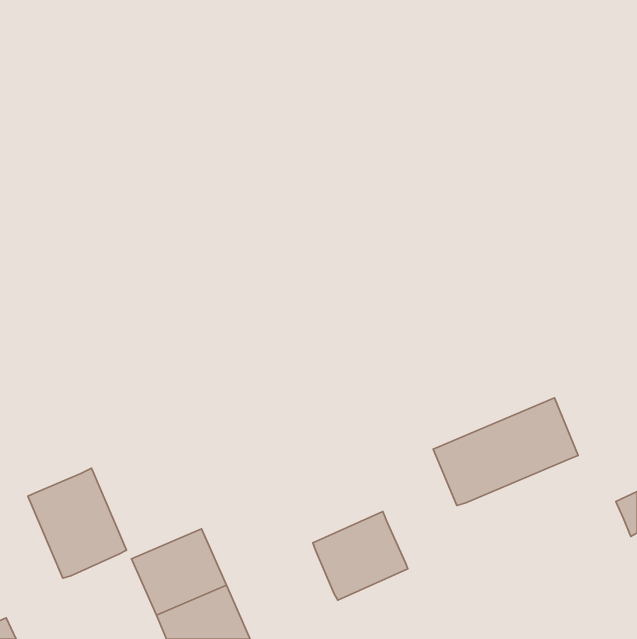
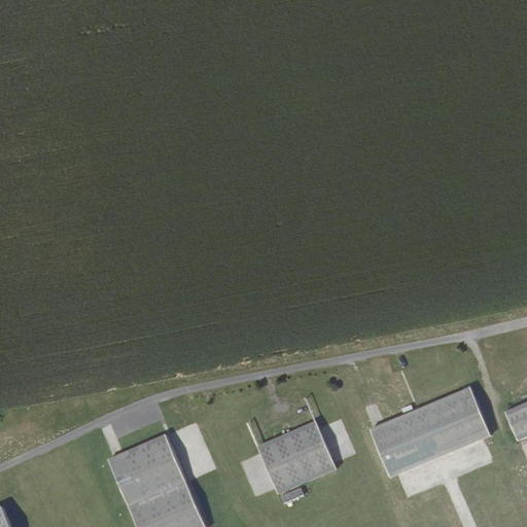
building: [433,398,578,505] -> [368,388,488,477]
building: [28,468,127,578] -> none

